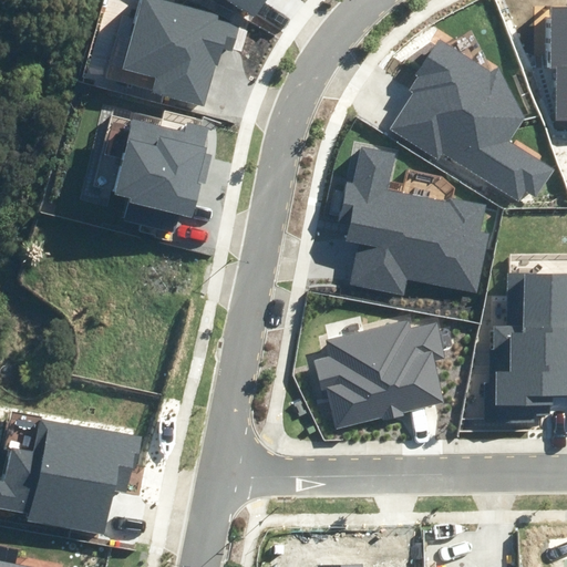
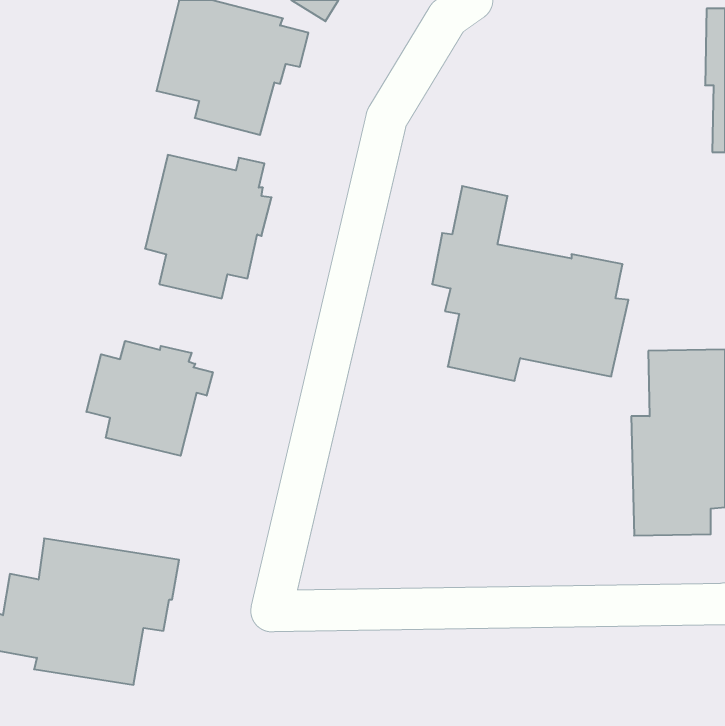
building: [390,39,554,202] -> none
building: none -> [86,341,213,456]
building: [311,321,444,429] -> none

